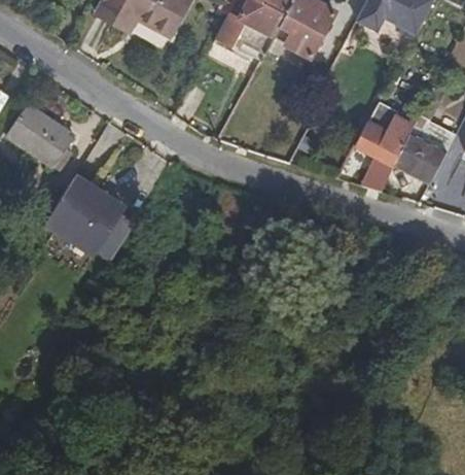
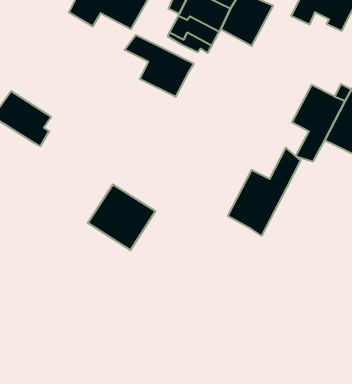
building: none -> [124,35,194,97]
building: none -> [228,148,301,236]
building: [49,177,128,253] -> [88,185,155,250]

